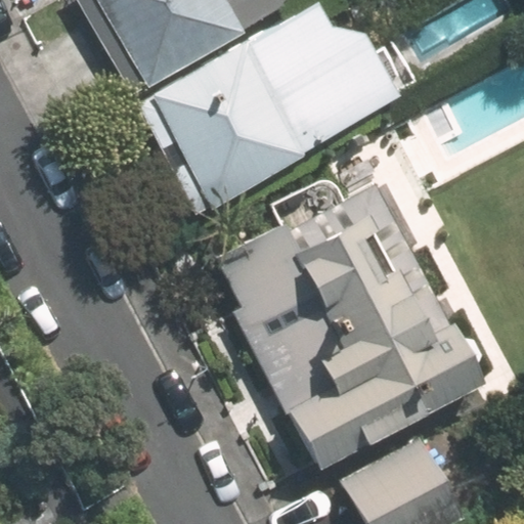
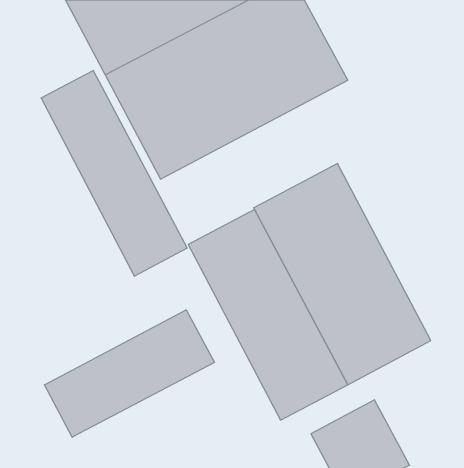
building: none -> [41,70,187,276]
building: none -> [44,310,214,437]

